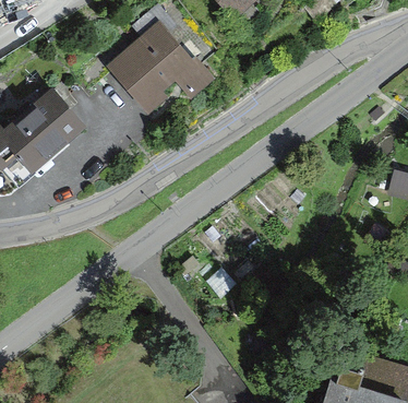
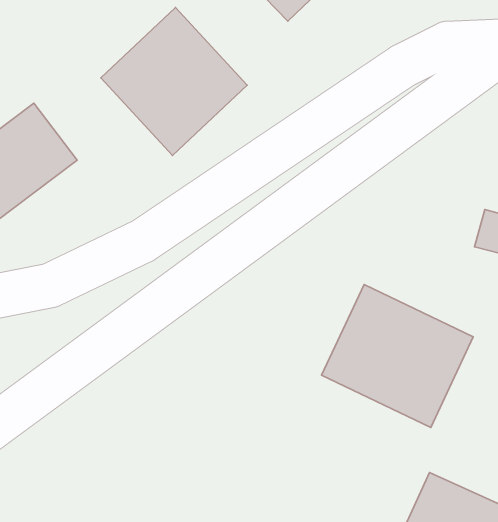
building: none -> [322,285,473,427]

